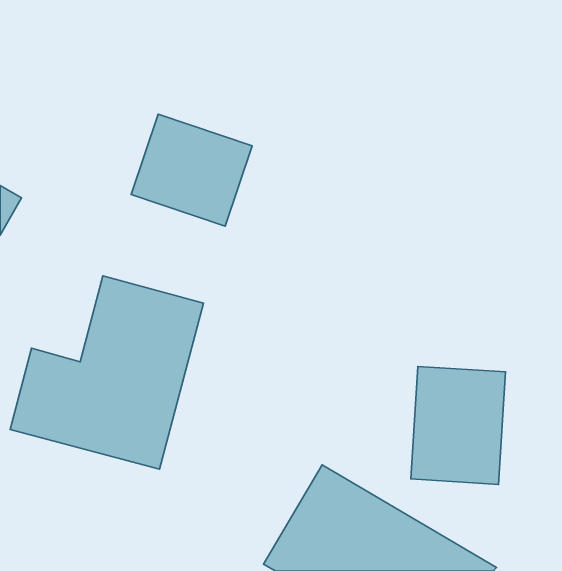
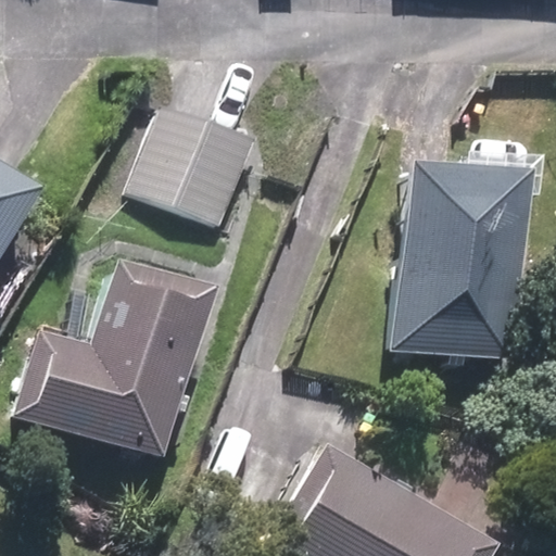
building: none -> [393,163,523,356]
building: [411,366,506,484] -> none

